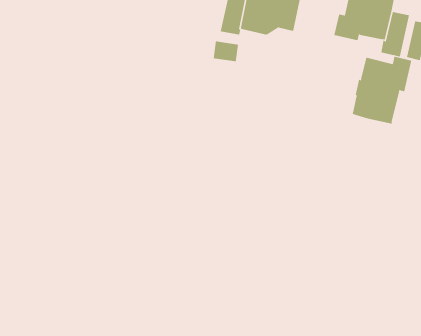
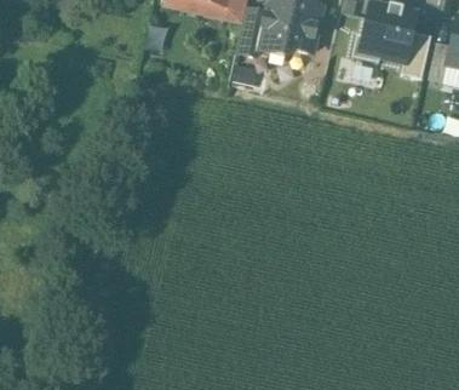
building: [352,56,412,124] -> none

